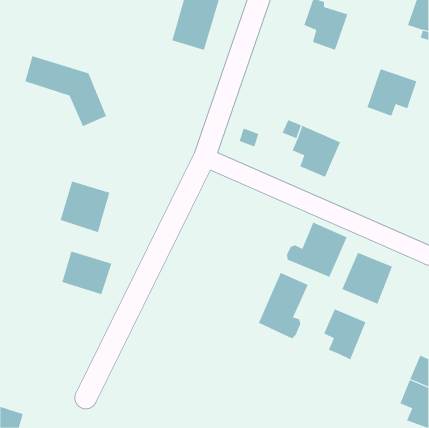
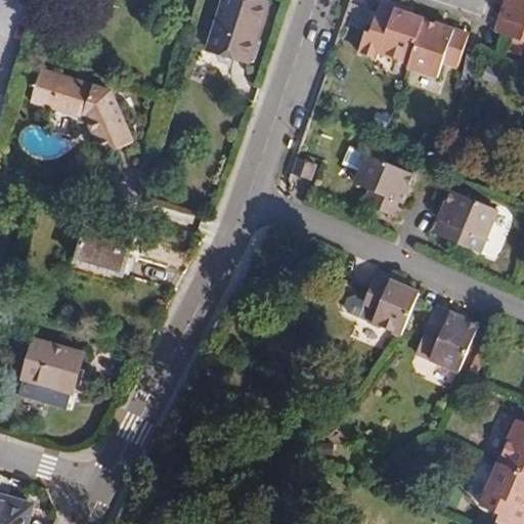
building: [367,69,417,117] -> [407,17,469,76]
building: none -> [433,187,498,246]
building: [62,251,112,295] -> [21,340,83,393]
building: [258,272,308,339] -> none
building: [324,308,366,360] -> none

